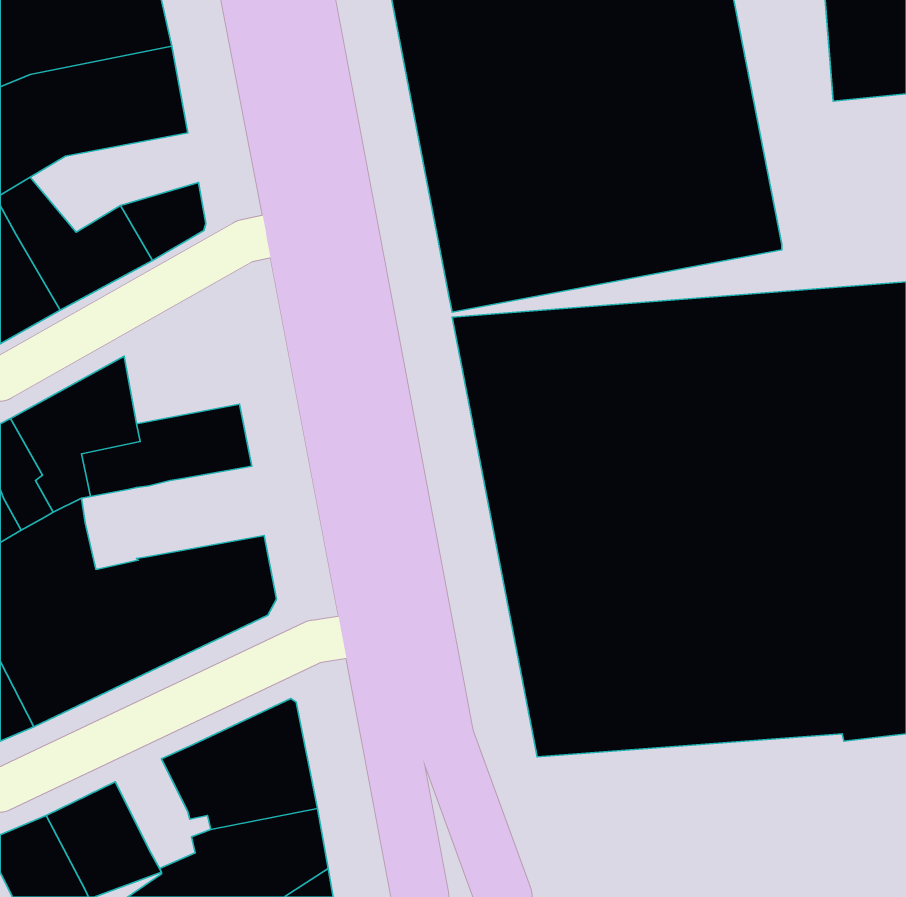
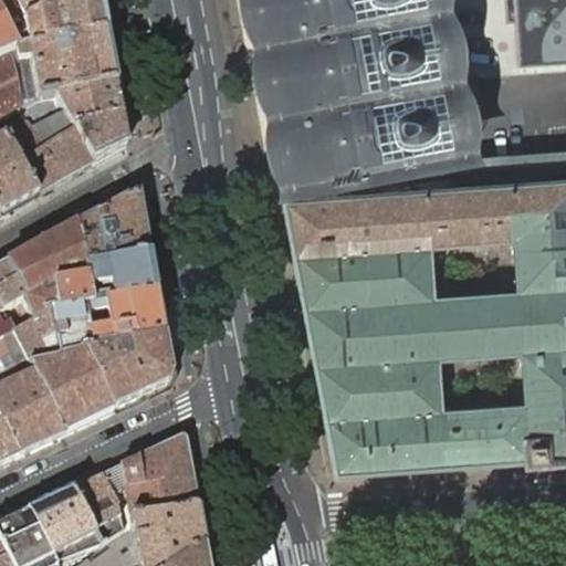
building: none -> [19,83,124,145]
building: none -> [77,190,149,264]
building: none -> [51,291,165,355]
building: none -> [72,473,132,542]

